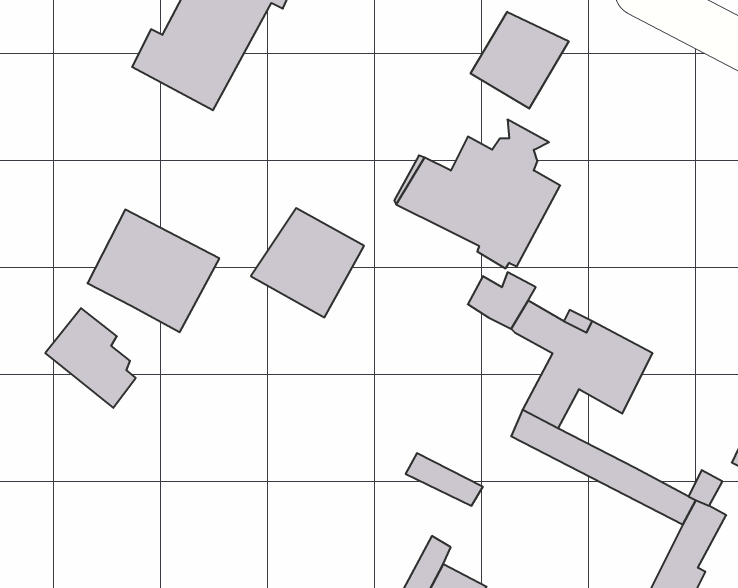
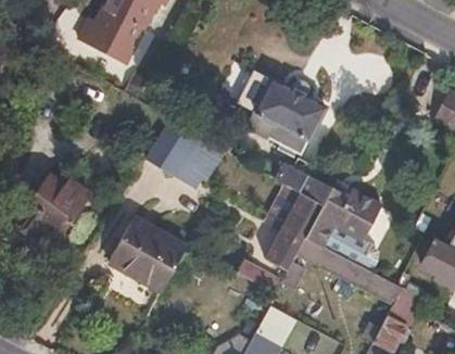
building: [471,12,569,109] -> none
building: [87,210,219,332] -> [106,218,182,289]
building: none -> [265,192,320,269]
building: none -> [324,225,376,270]

